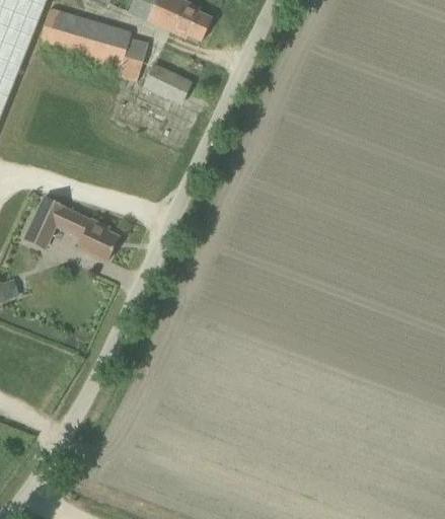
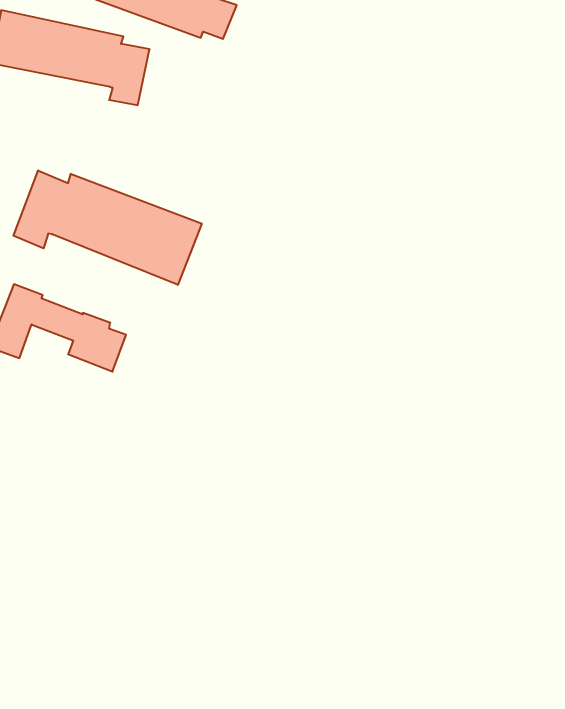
building: [143,63,190,102] -> none
building: none -> [13,170,202,285]

